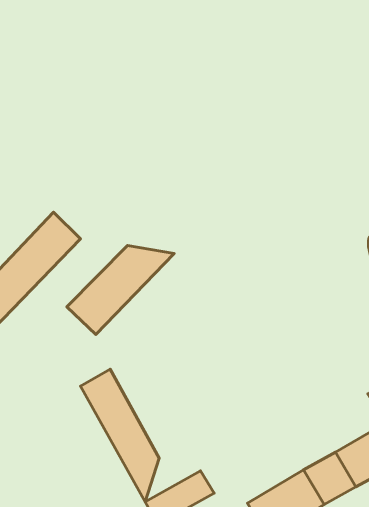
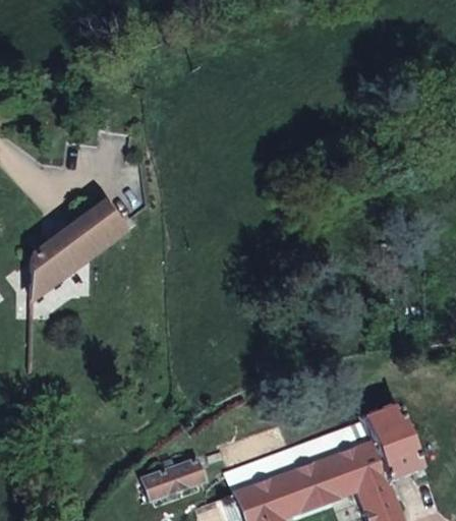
building: [67,246,174,335] -> none
building: [80,369,159,502] -> none

